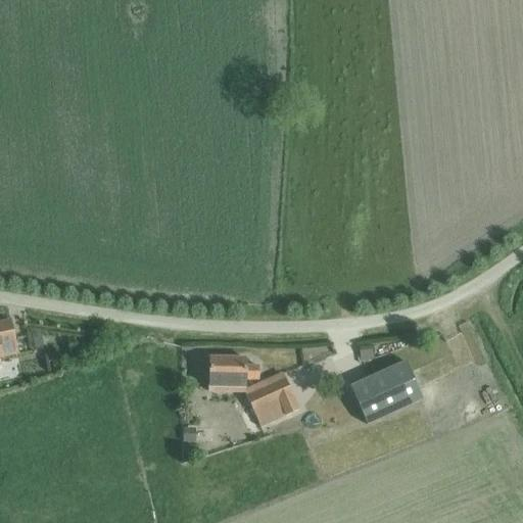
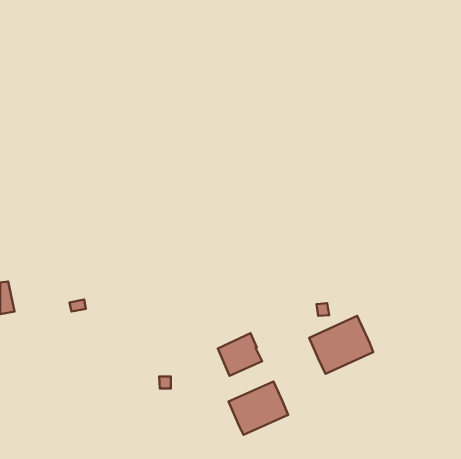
building: [208,353,255,388] -> none
building: none -> [229,382,288,435]

